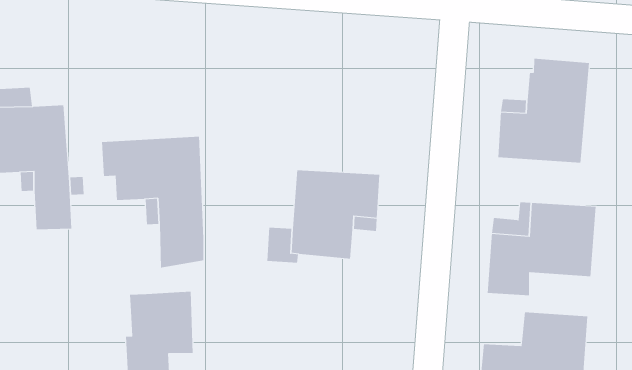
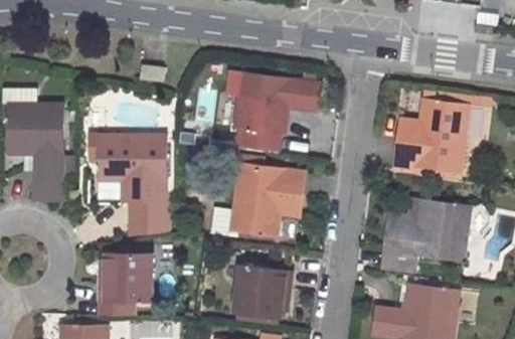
building: none -> [226,70,320,149]
building: none -> [233,265,293,317]

